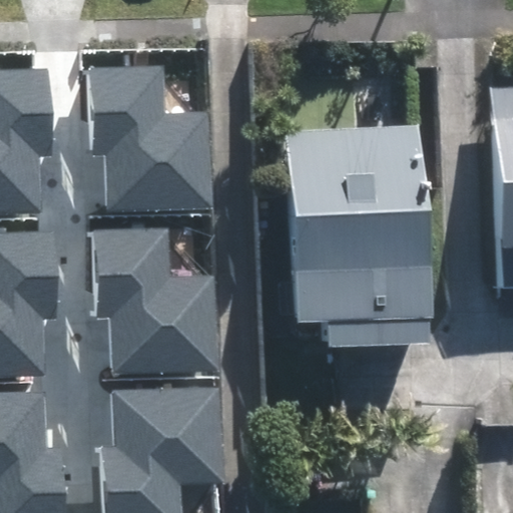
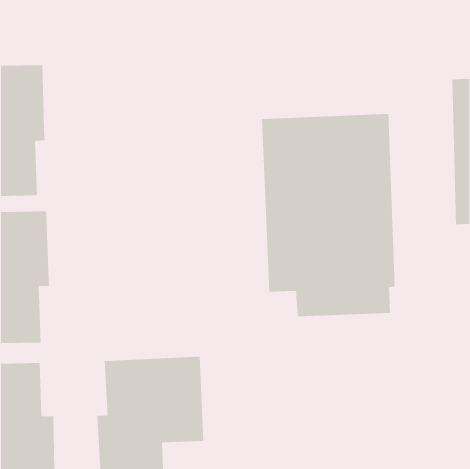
building: [92,67,211,212] -> none
building: [94,233,214,379] -> none

